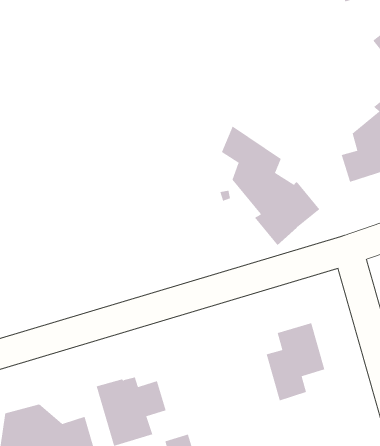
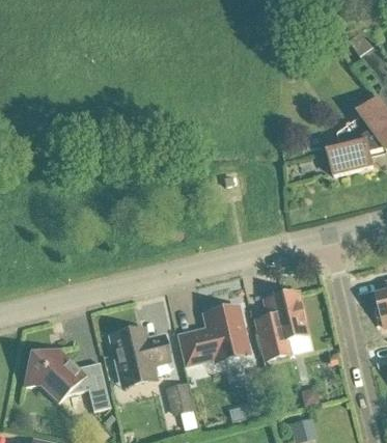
building: [221,125,320,246] -> none
building: none -> [181,306,246,361]

